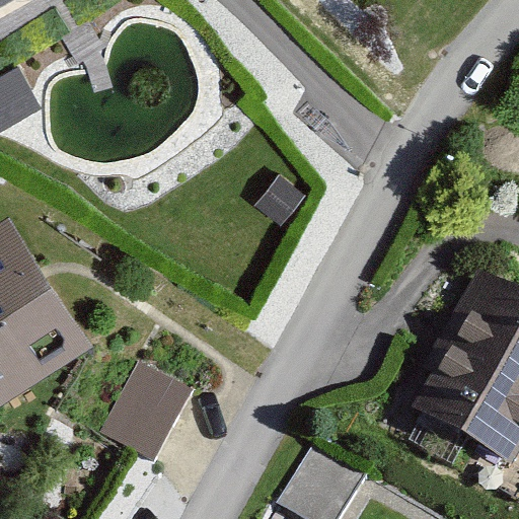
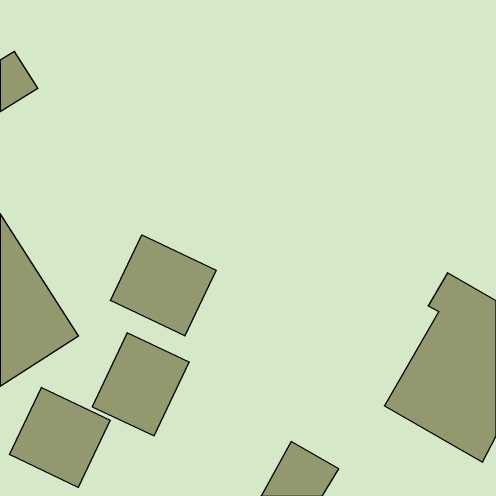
building: none -> [110,235,216,336]
building: none -> [10,387,110,487]

